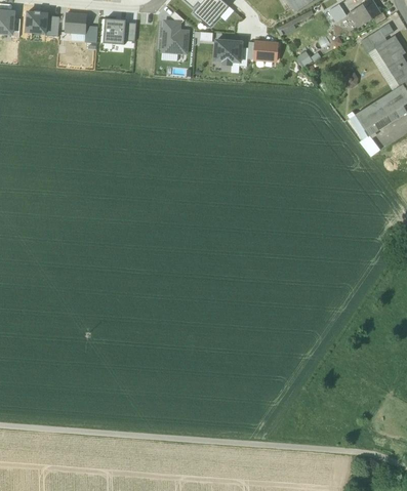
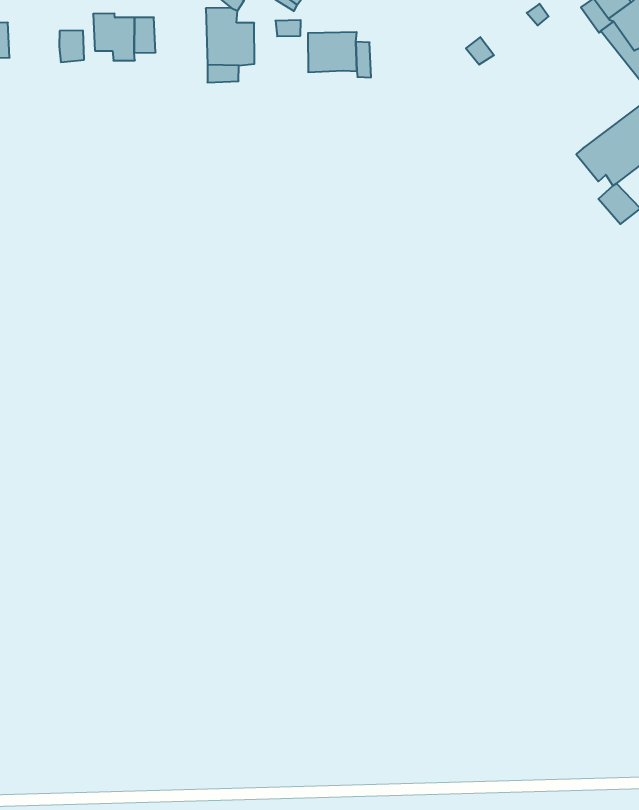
building: [65,12,87,33] -> none
building: [253,41,278,59] -> none

